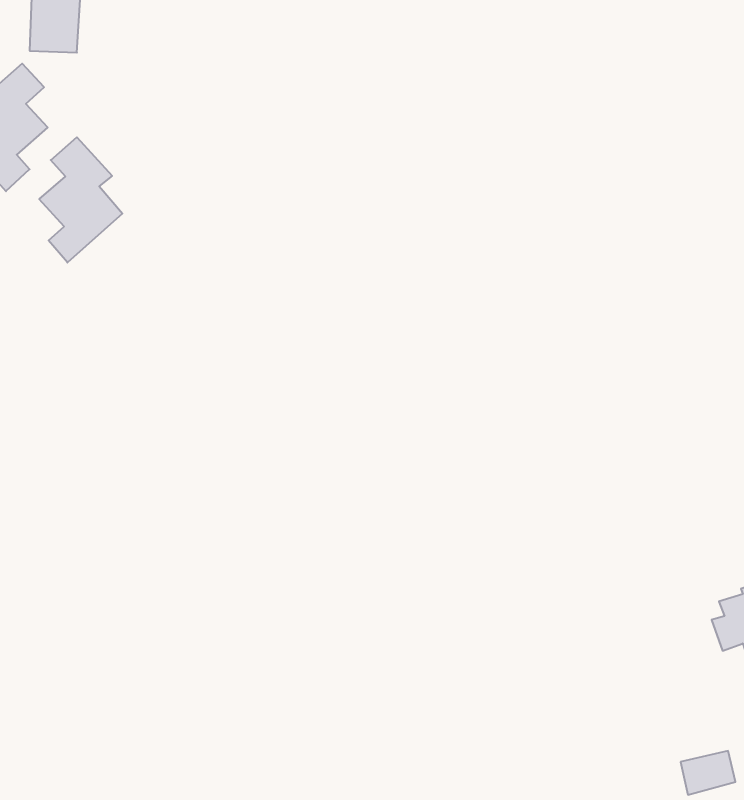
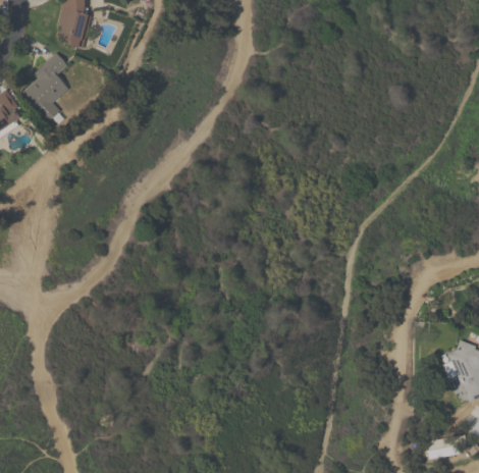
building: [39,137,122,263] -> none

